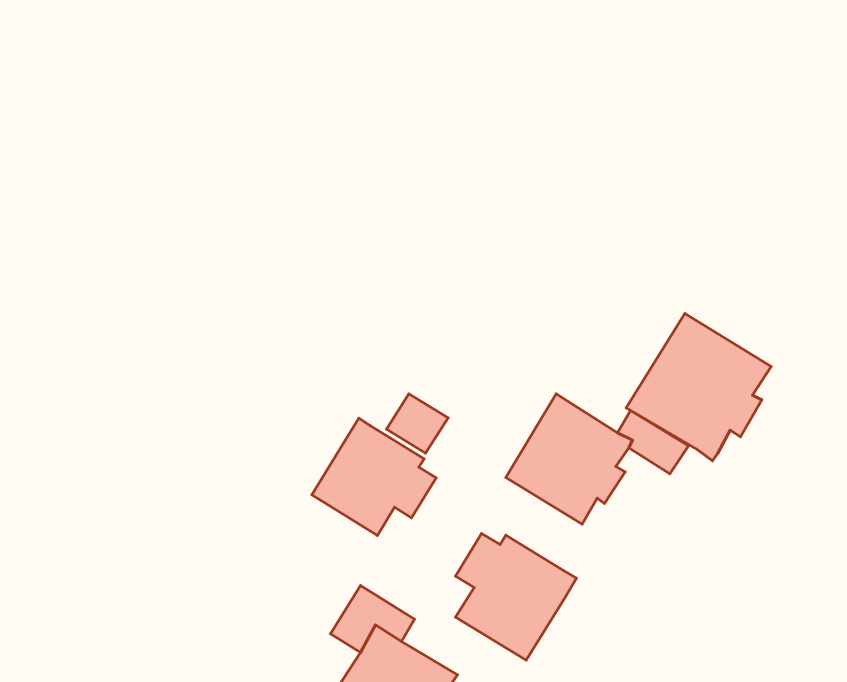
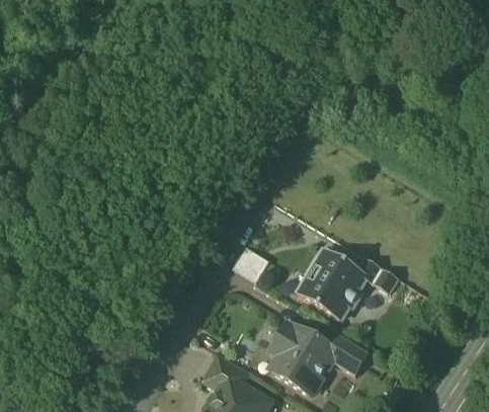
building: [626,314,771,461] -> none
building: [312,418,436,535] -> none
building: none -> [330,333,369,375]

